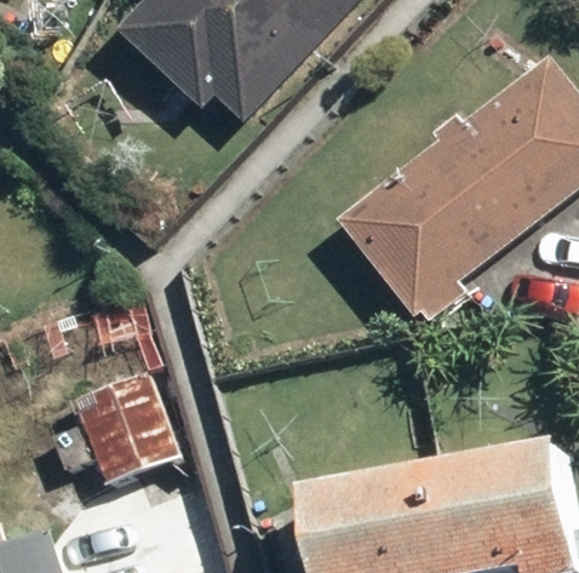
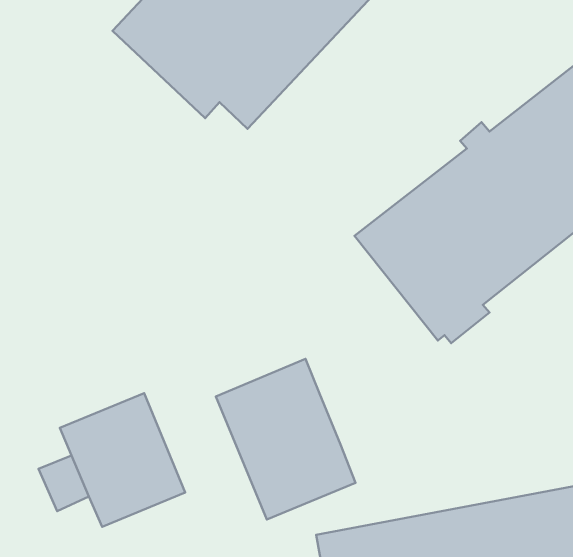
building: none -> [216,359,355,520]

